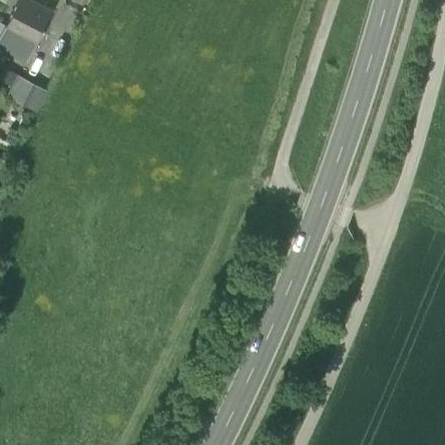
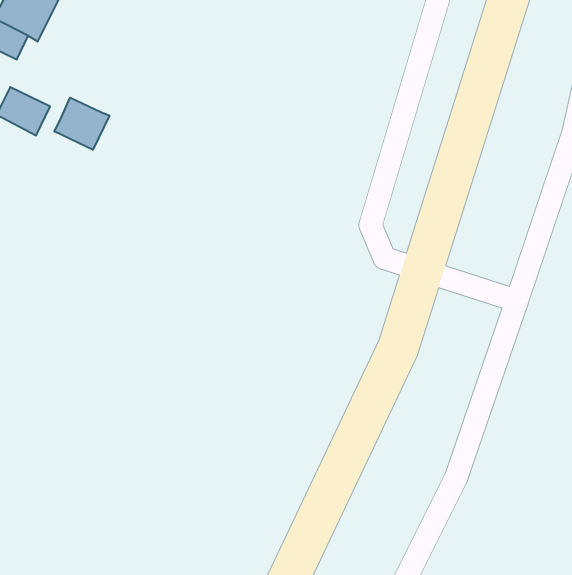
building: none -> [54,98,109,150]

